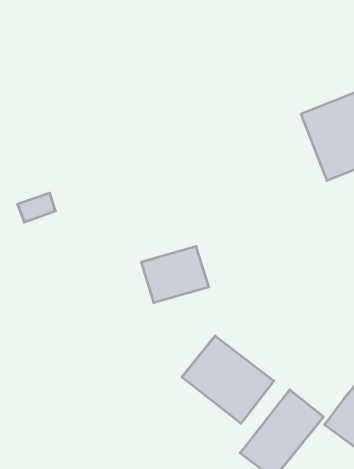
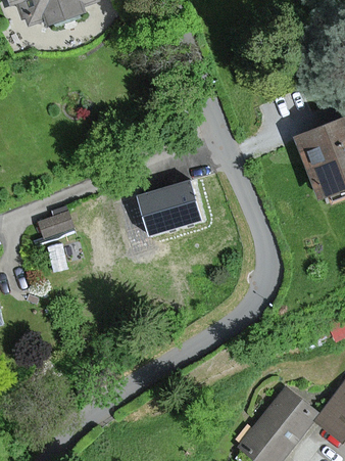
building: [141,246,209,303] -> [138,181,199,232]
building: [182,336,274,423] -> none

